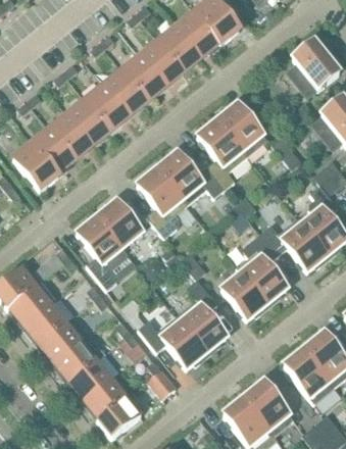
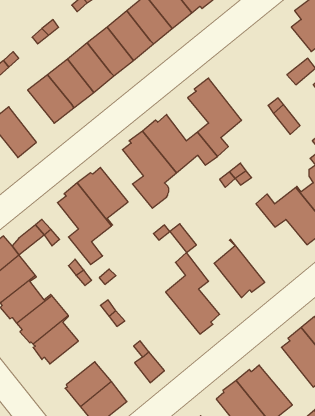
building: [217,101,268,154] -> none
building: [33,127,75,174] -> none
building: [238,232,288,304] -> none
building: [139,313,209,366] -> none
building: [70,358,112,399] -> none

